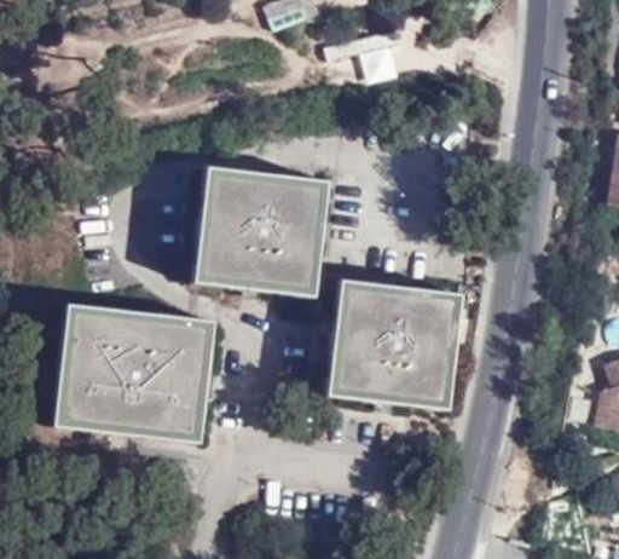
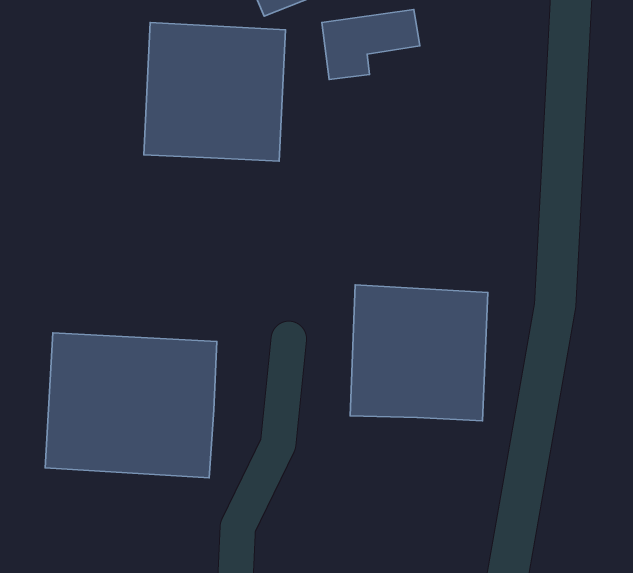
building: [193,165,325,294] -> [144,22,285,161]

